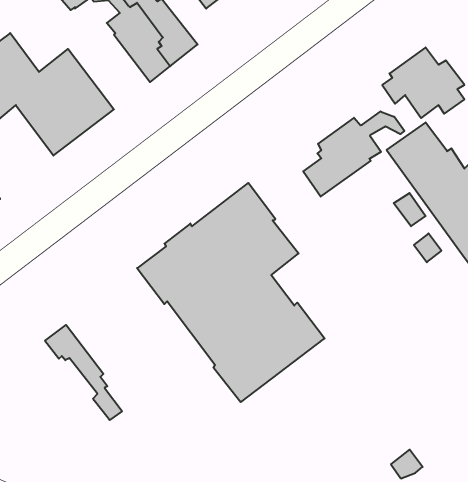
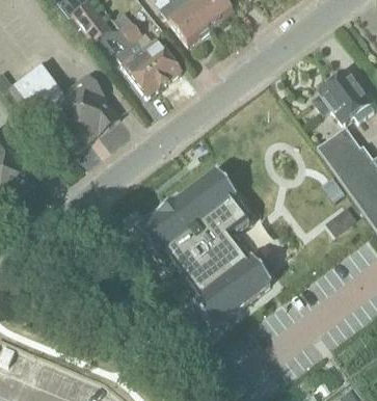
building: [303,111,404,197] -> none
building: [45,325,122,420] -> none

